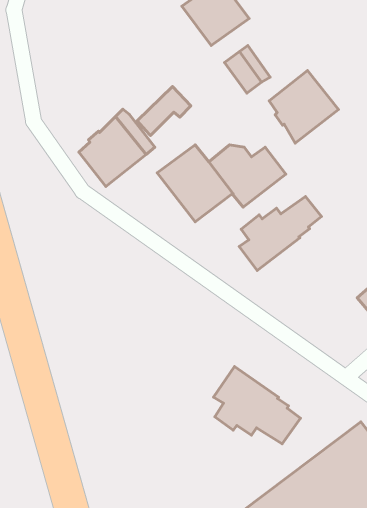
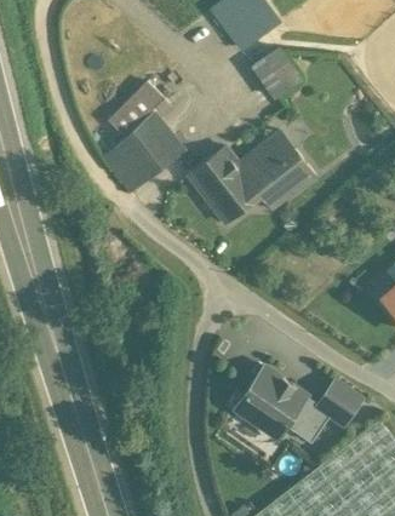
building: [269,71,339,143] -> none
building: [137,86,191,135] -> [116,85,170,133]
building: [239,196,322,271] -> none
building: none -> [315,379,361,424]

